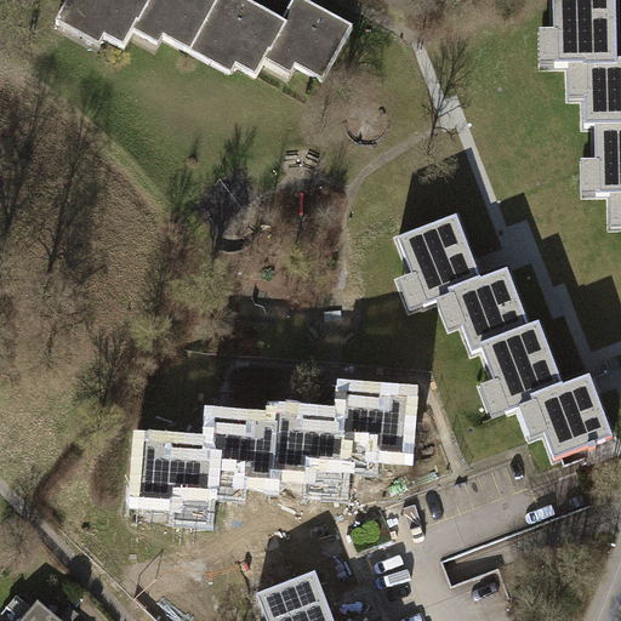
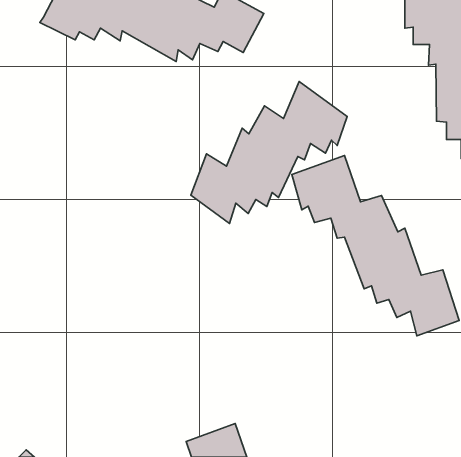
building: none -> [191,82,347,223]
building: [139,387,409,511] -> none

